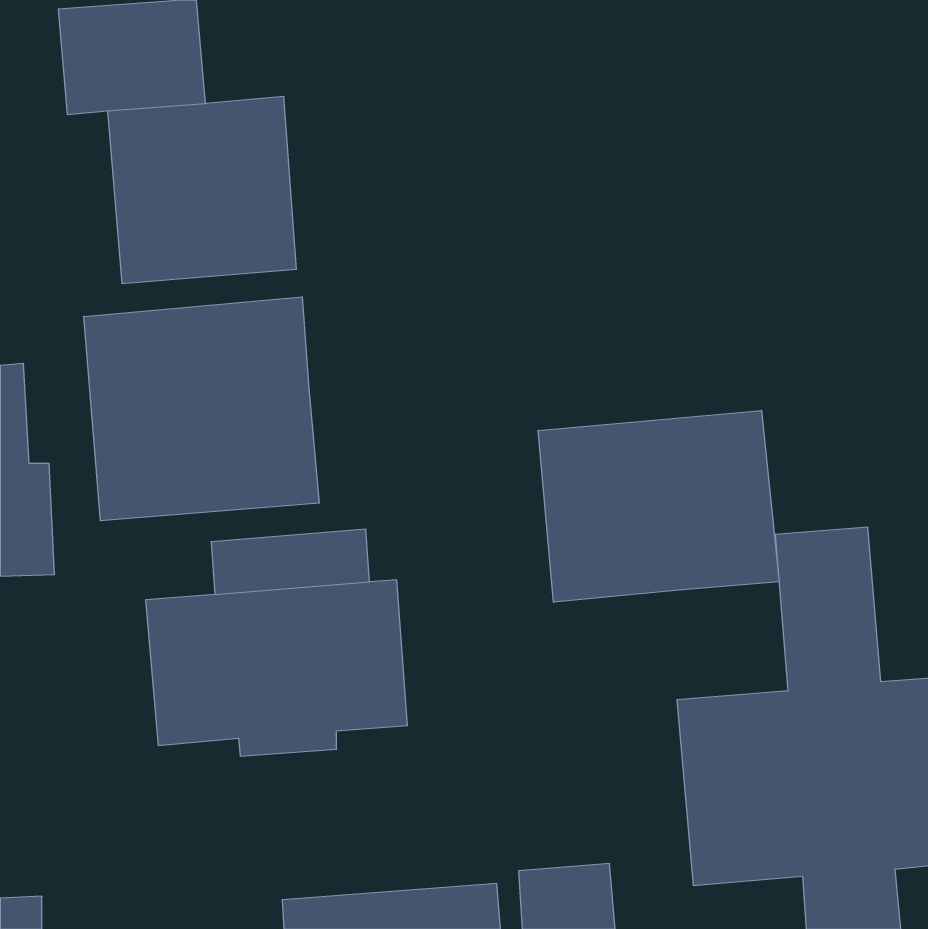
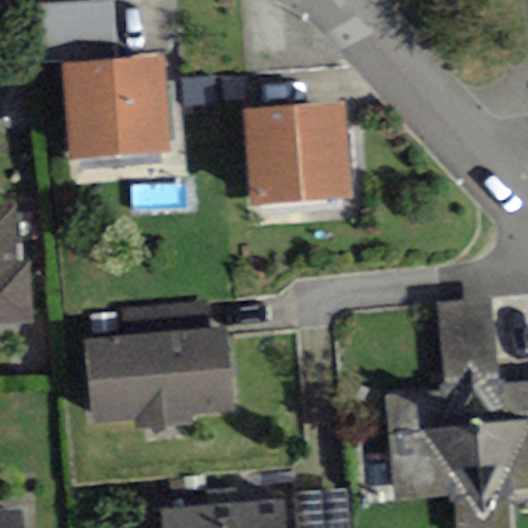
building: none -> [243,101,354,208]
building: [84,297,319,521] -> none
building: [538,410,779,602] -> none

